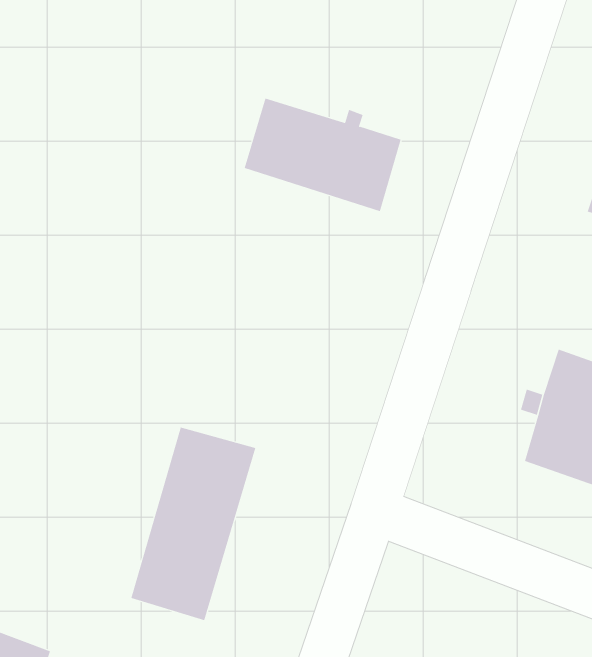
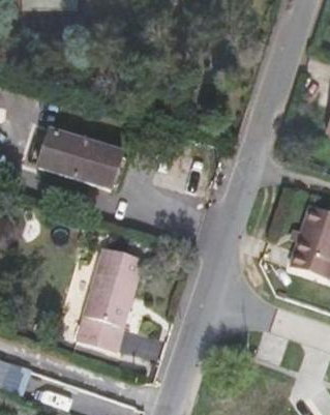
building: [244,98,402,212] -> [37,129,123,191]

